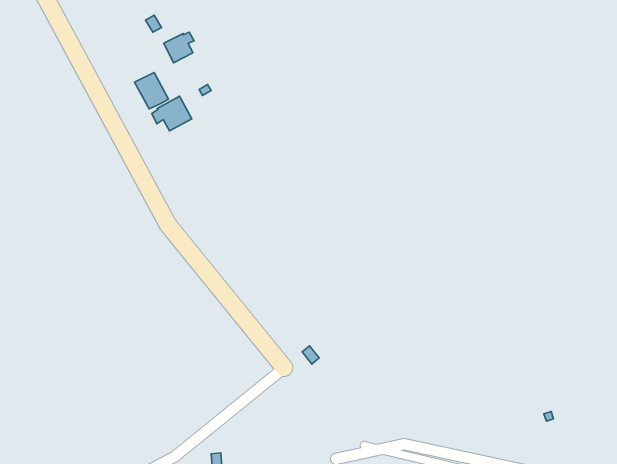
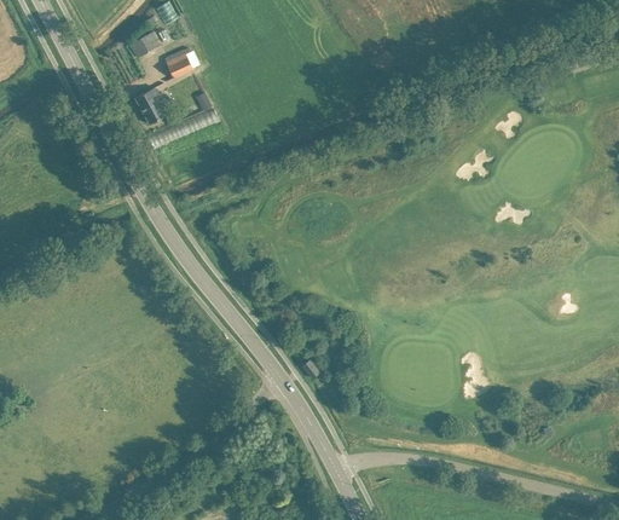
building: [152,96,192,131] -> none

